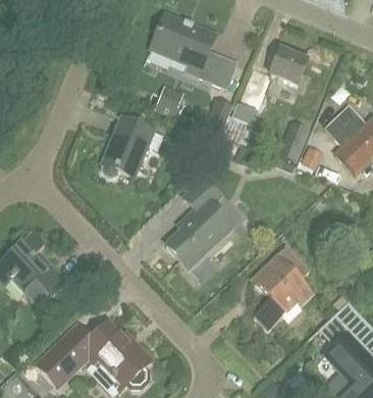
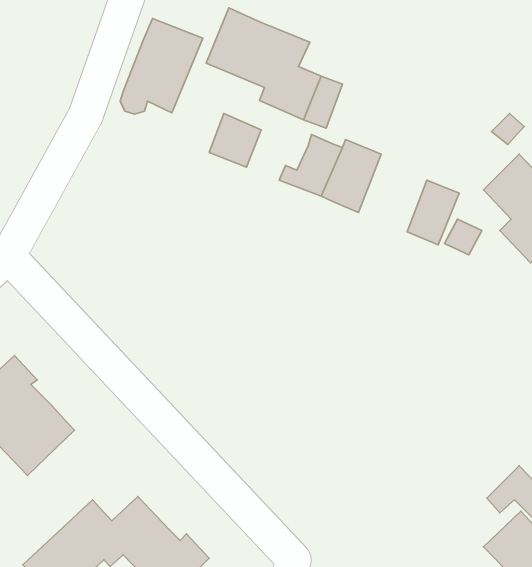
building: [269,49,306,85] -> none
building: [101,117,153,178] -> [120,19,203,114]
building: [166,178,233,268] -> none
building: [251,244,313,330] -> none

